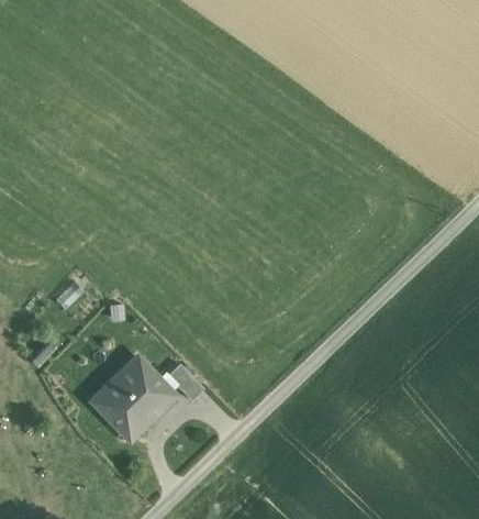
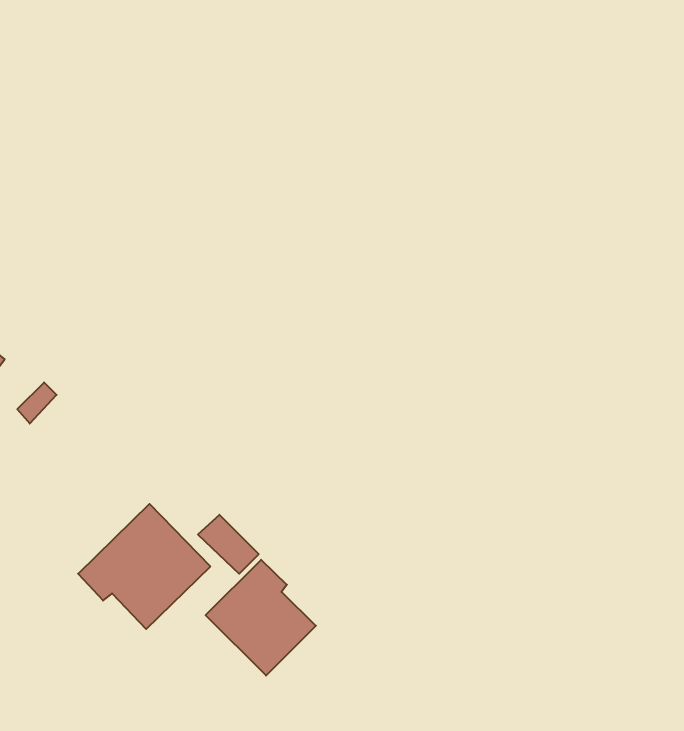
building: none -> [206,560,316,676]

